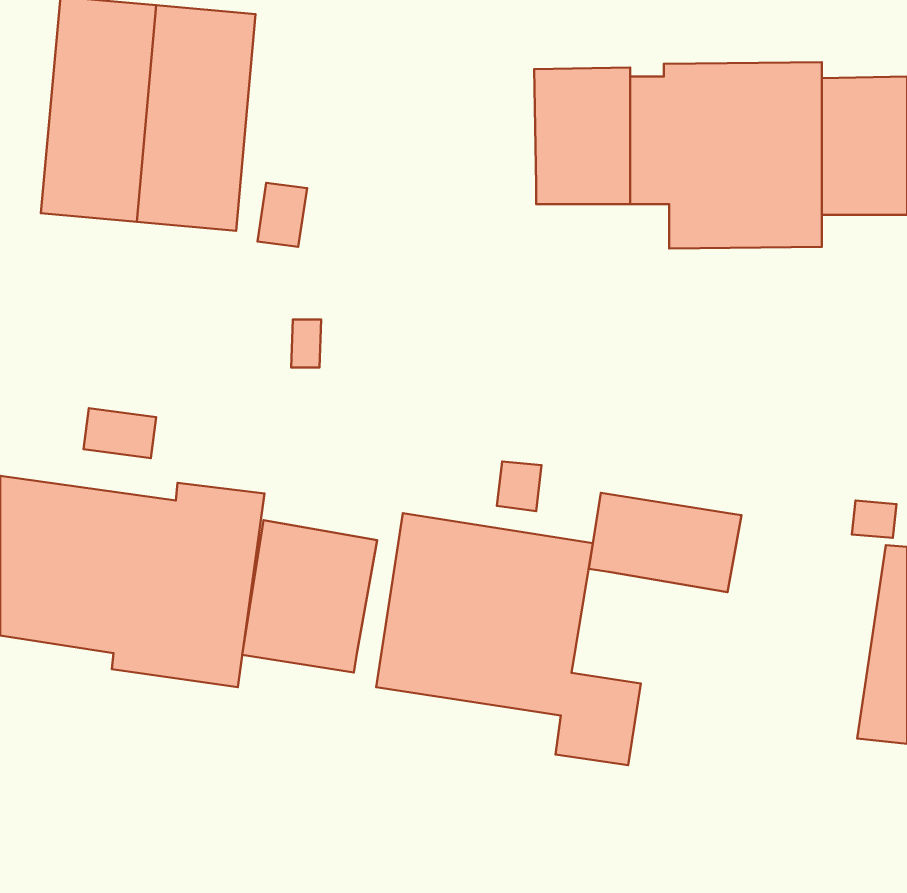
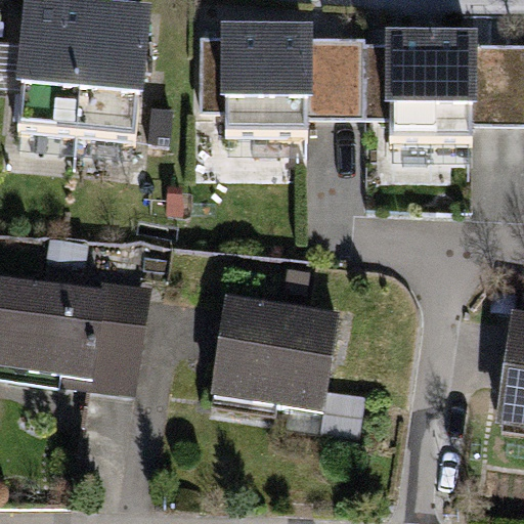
building: none -> [217,28,309,131]
building: [589,493,742,592] -> none
building: [242,520,377,673] -> none

